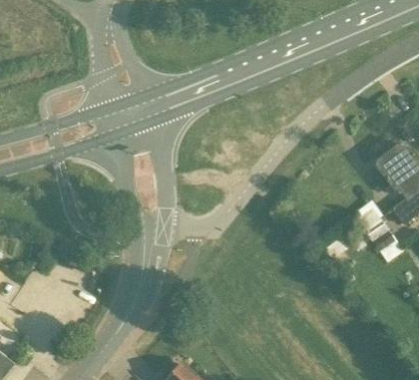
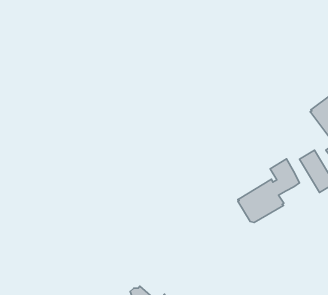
building: none -> [238,159,300,223]

